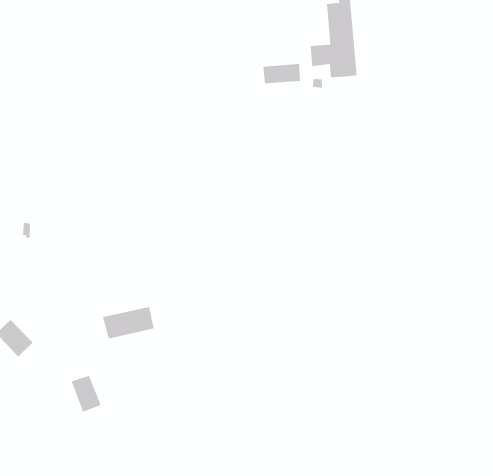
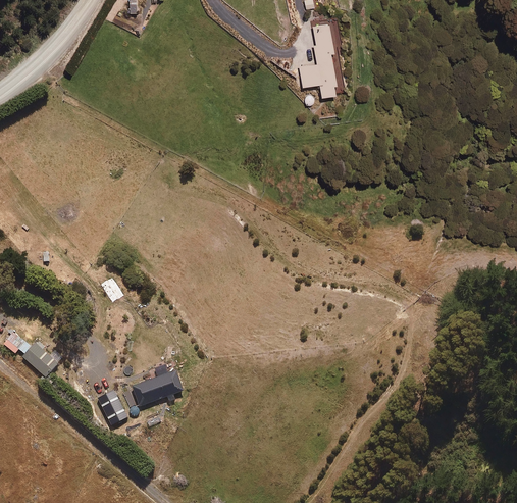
building: [263,63,301,84] -> none
building: [102,306,155,339] -> [133,371,183,405]

